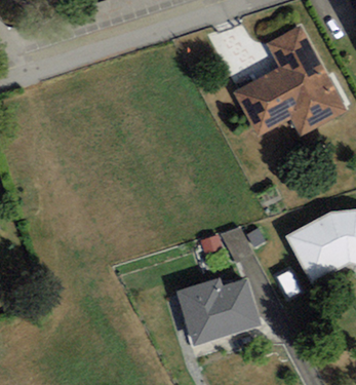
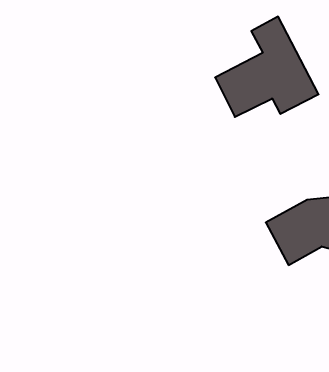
building: [179,282,255,341] -> none

